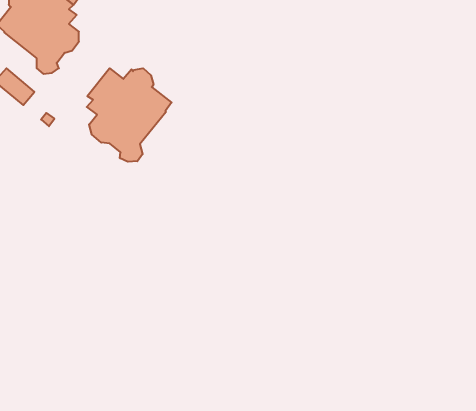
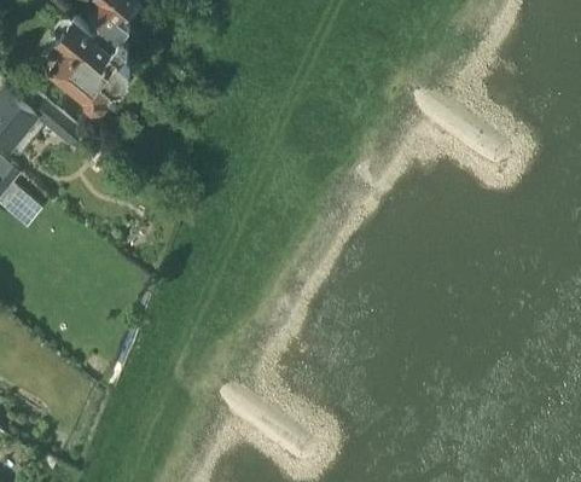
building: [87,68,172,162] -> none

